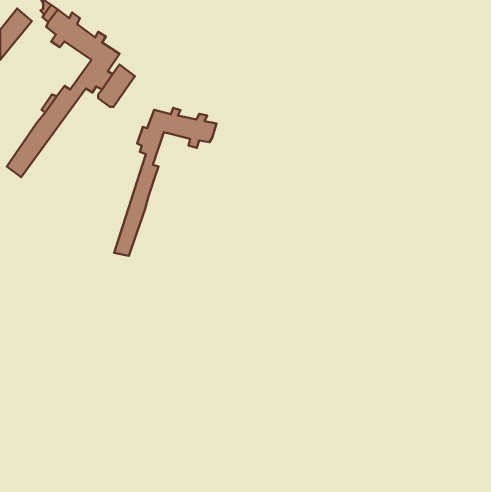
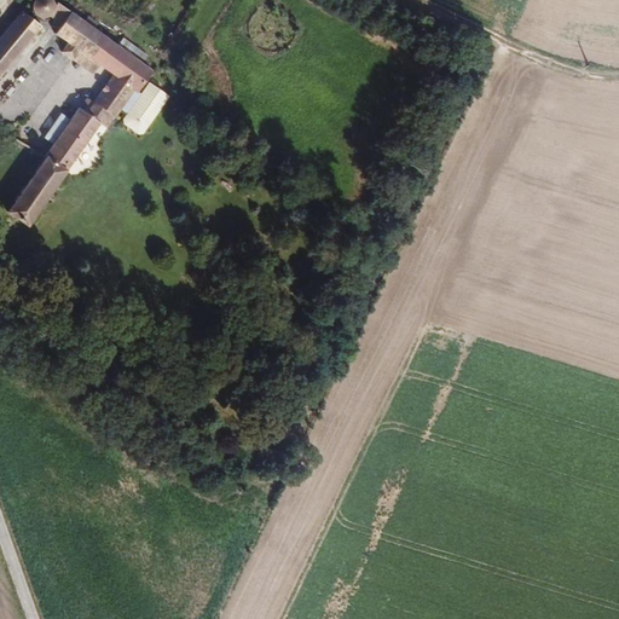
building: [114,108,216,256] -> none

